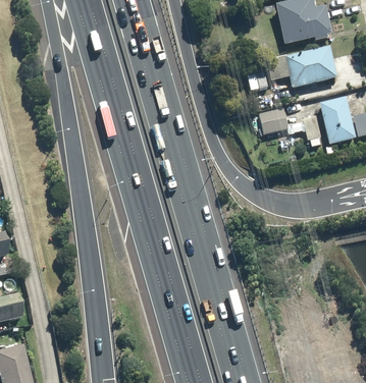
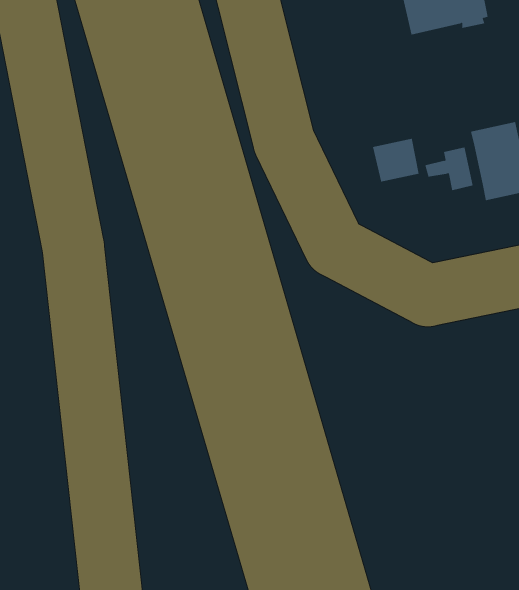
building: [265,47,336,88] -> none

